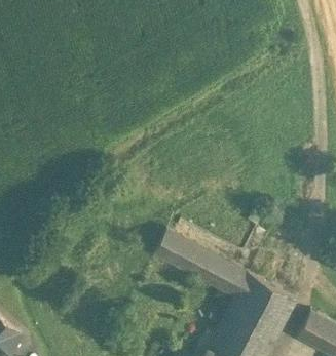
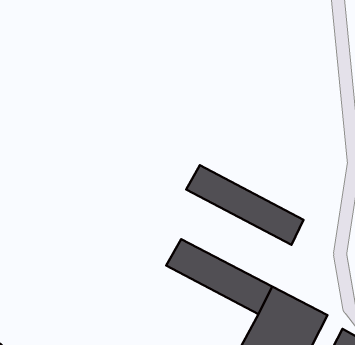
building: none -> [186,165,303,245]

